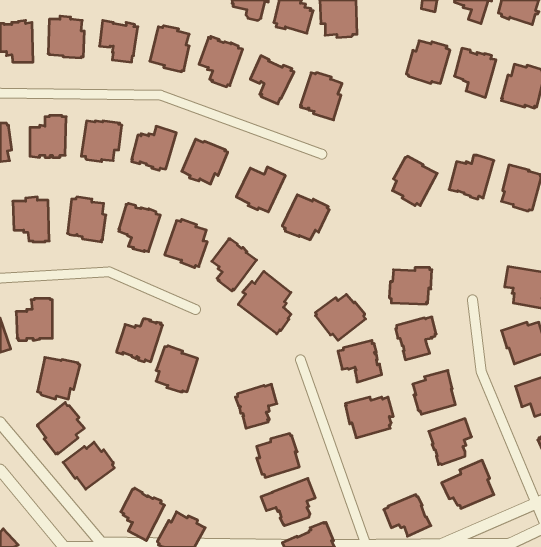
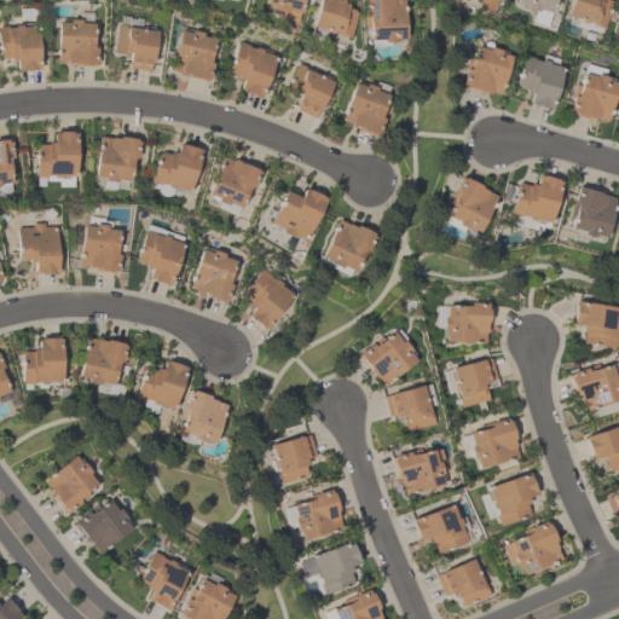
building: [238,271,291,334] -> none
building: [37,357,80,399] -> [82,337,131,384]
building: none -> [416,504,472,553]

